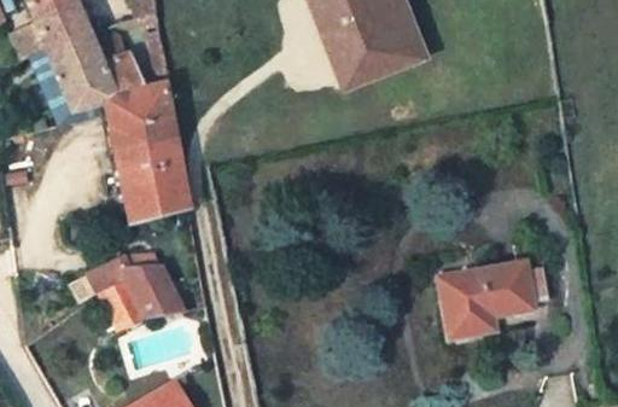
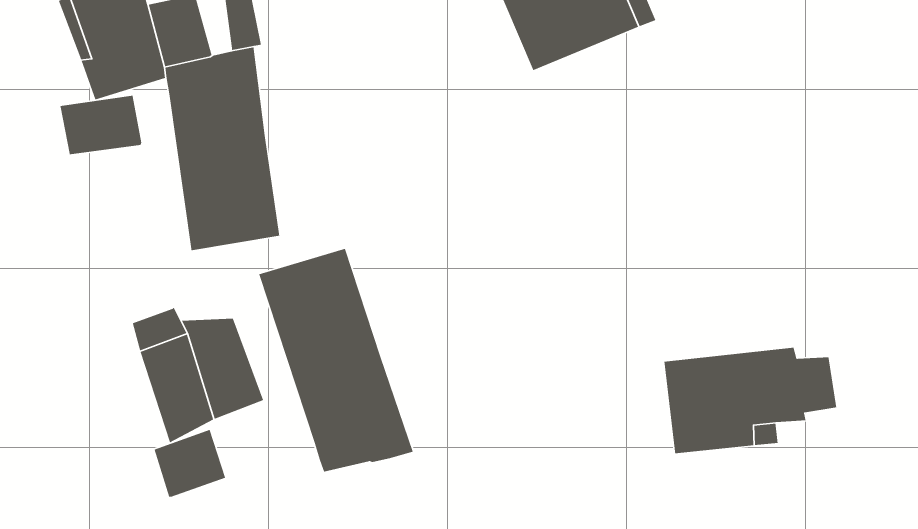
building: none -> [59,95,142,155]
building: none -> [258,248,414,473]
building: none -> [154,429,226,497]

